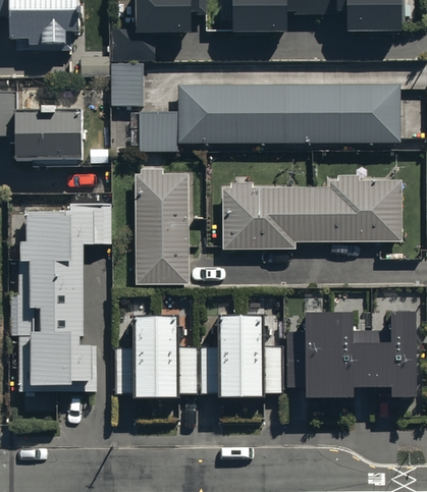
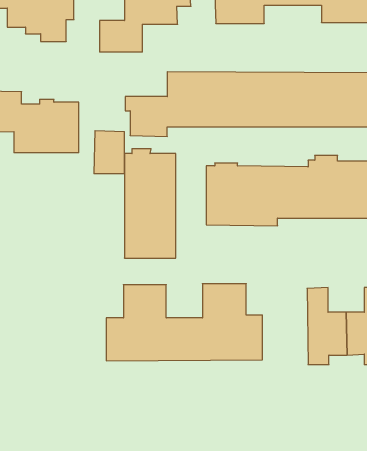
building: [109,62,142,108] -> [94,131,124,174]
building: [13,200,113,388] -> none
building: [288,315,331,397] -> none

